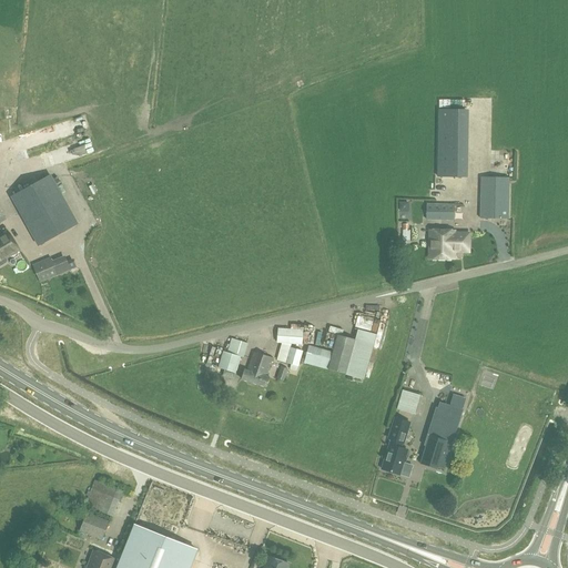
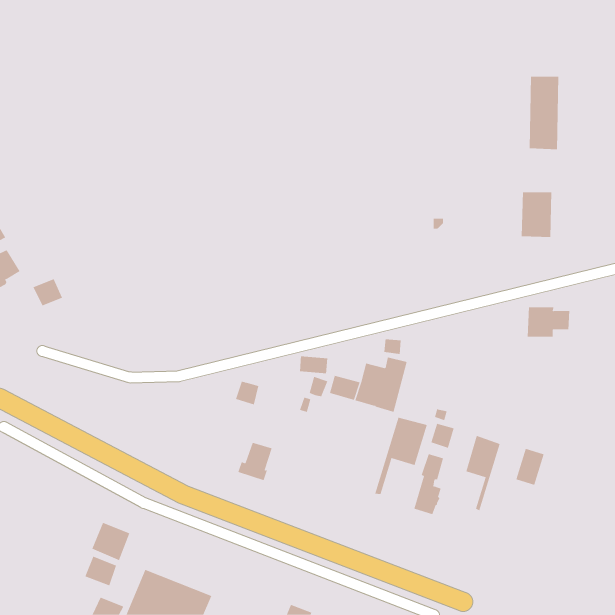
building: [437,109,465,176] -> [529,76,559,150]
building: [12,171,80,243] -> none
building: [425,203,453,220] -> none
building: [428,230,468,257] -> [527,307,570,337]
building: [240,351,272,386] -> [238,442,273,481]
building: none -> [375,417,428,495]
building: [419,434,446,468] -> [516,448,545,486]

